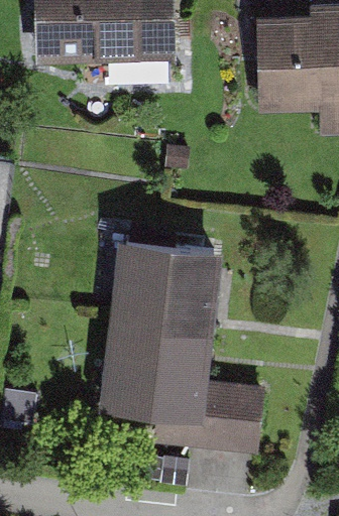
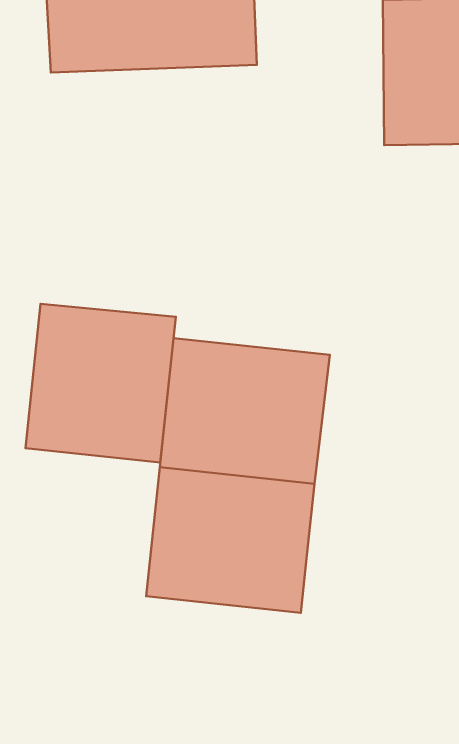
building: none -> [25,304,176,463]
building: [153,382,265,456] -> none

